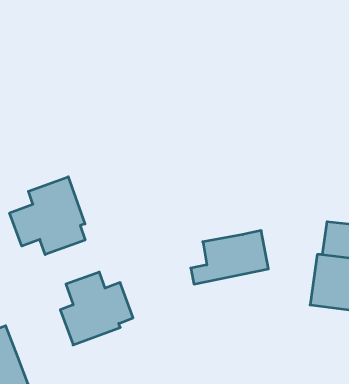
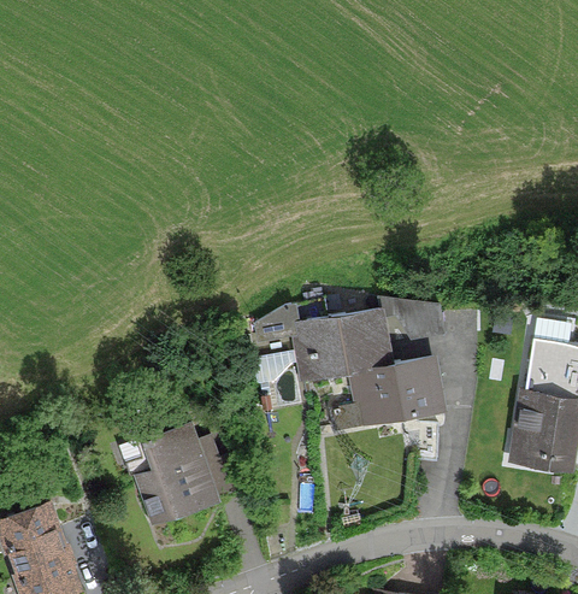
building: [10,177,85,255] -> none
building: none -> [255,305,395,386]

